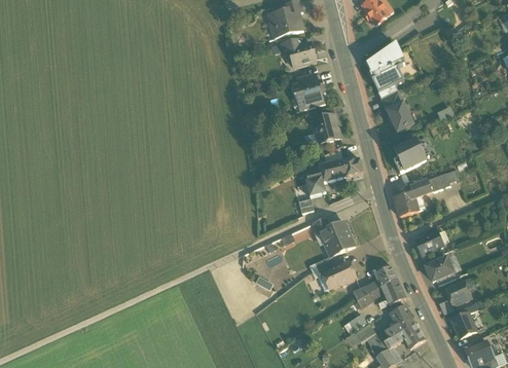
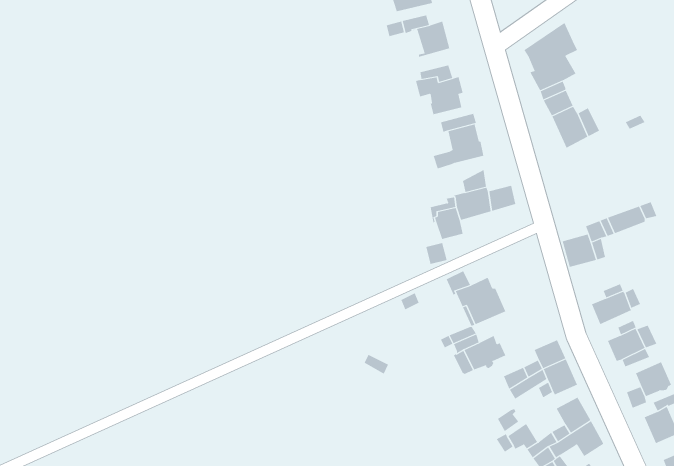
building: [393,140,425,173] -> none

